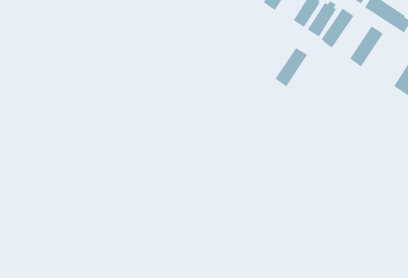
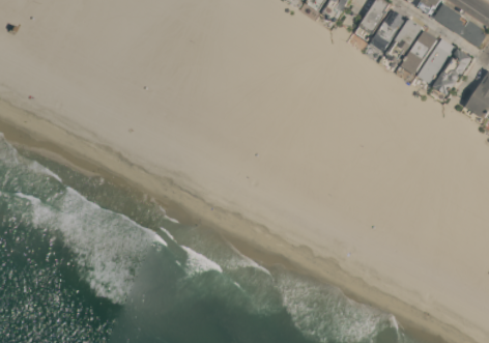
building: none -> [432,49,471,95]
building: [274,47,308,87] -> [400,30,437,75]

